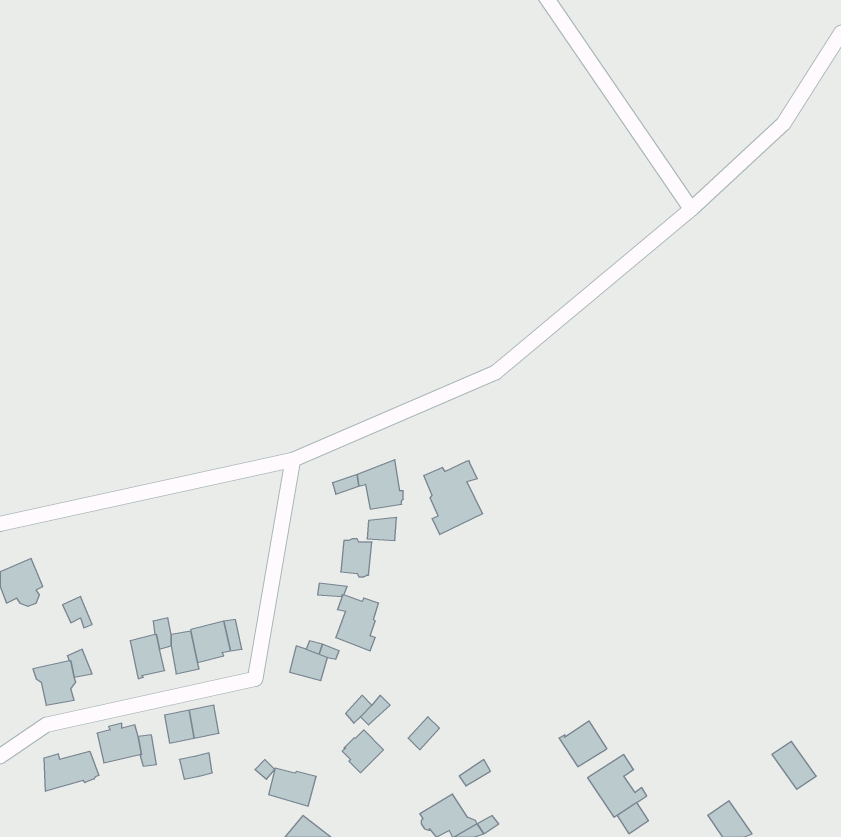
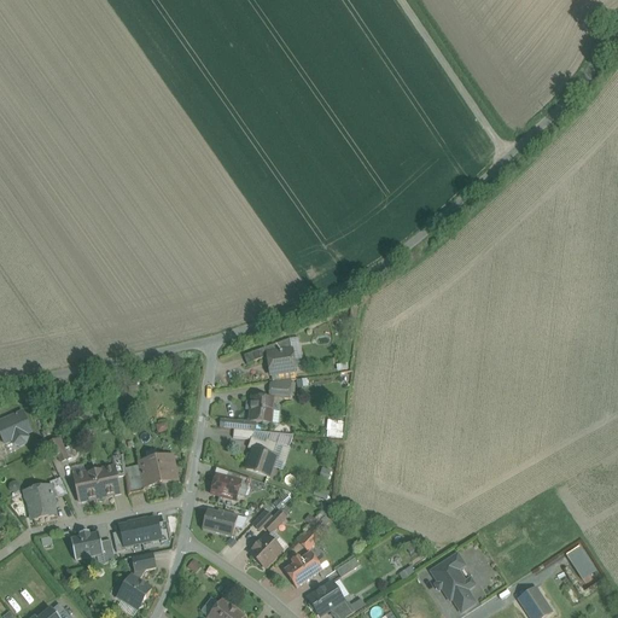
building: [424,461,482,535] -> none
building: none -> [74,470,101,500]
building: [559,721,607,767] -> none
building: [44,751,99,791] -> none
building: none -> [285,552,322,587]
building: [269,768,316,806] -> [203,508,238,536]
building: none -> [116,569,152,608]

